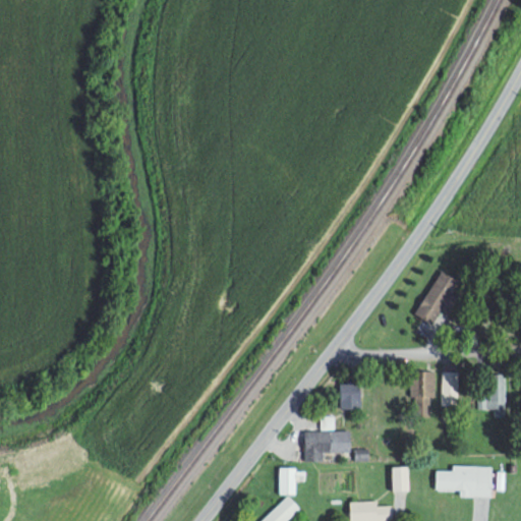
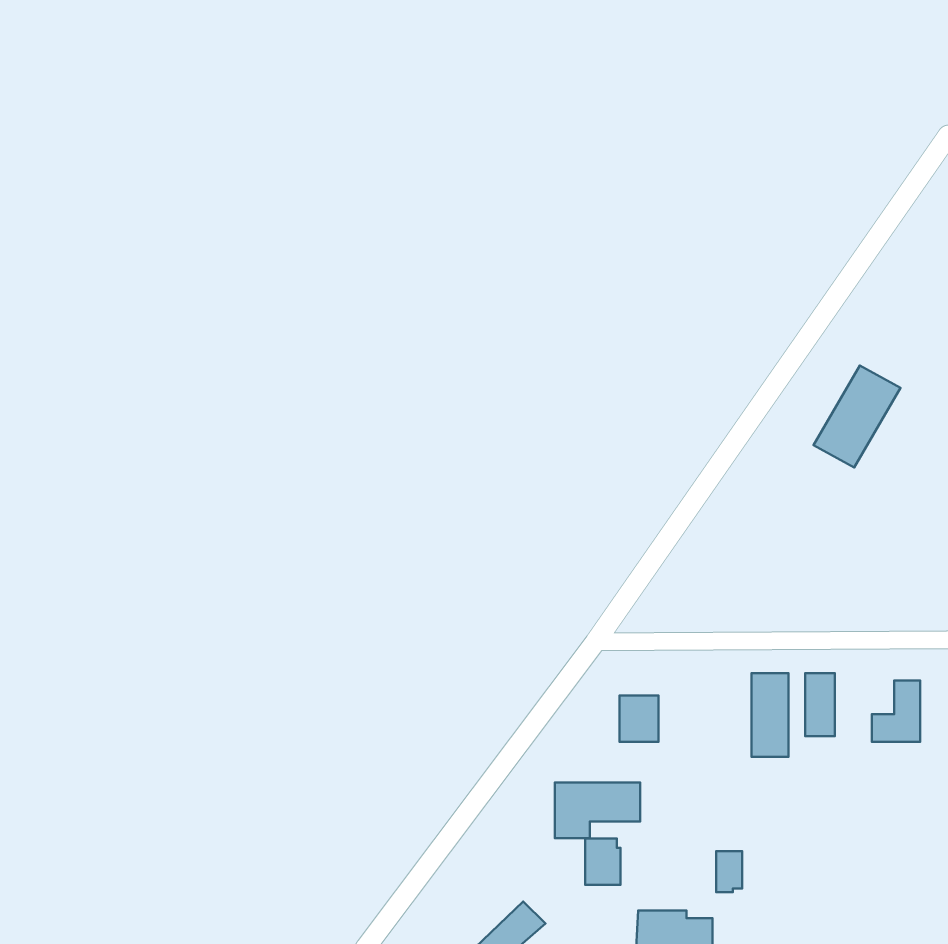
building: [415,272,463,328] -> [813,365,901,467]
building: [436,466,491,498] -> none
building: [279,469,298,495] -> [585,838,621,885]

